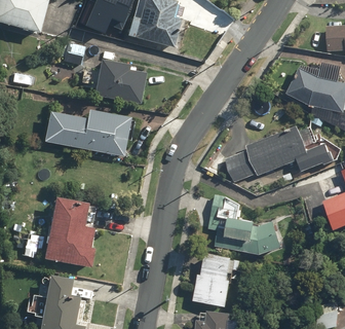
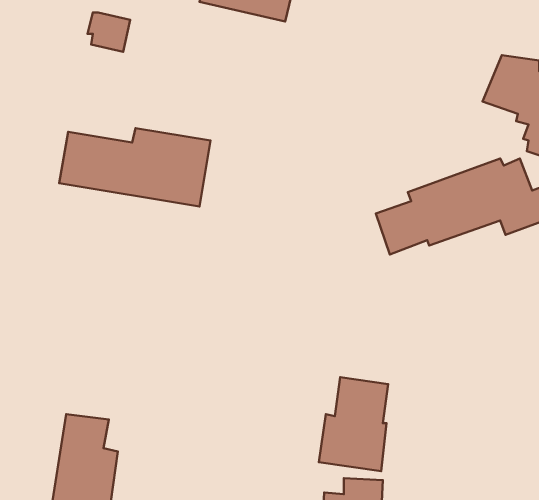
building: [93,60,145,103] -> none
building: [208,195,283,255] -> none
building: [43,196,92,266] -> none

